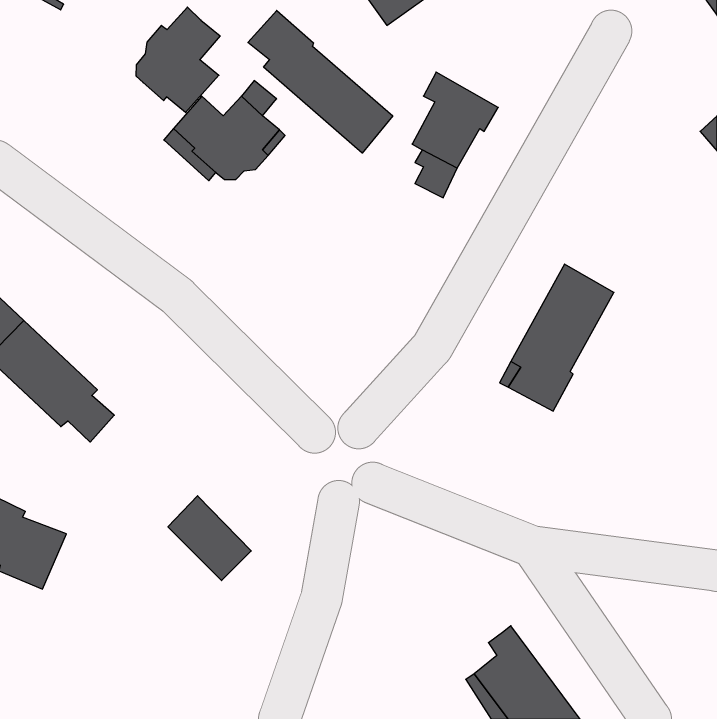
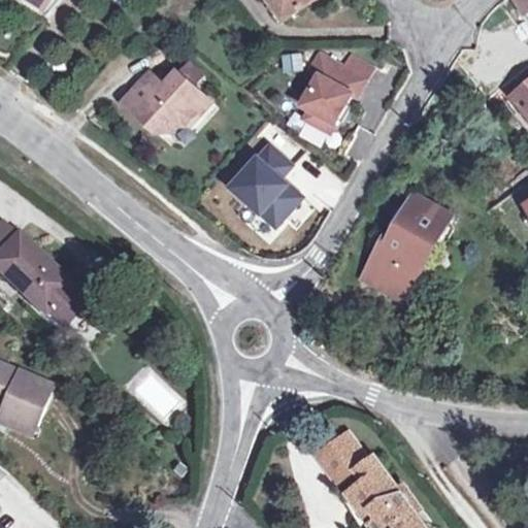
building: [136,7,220,113] -> none
building: [248,10,393,153] -> none
building: none -> [229,139,299,221]
building: none -> [317,433,368,484]

